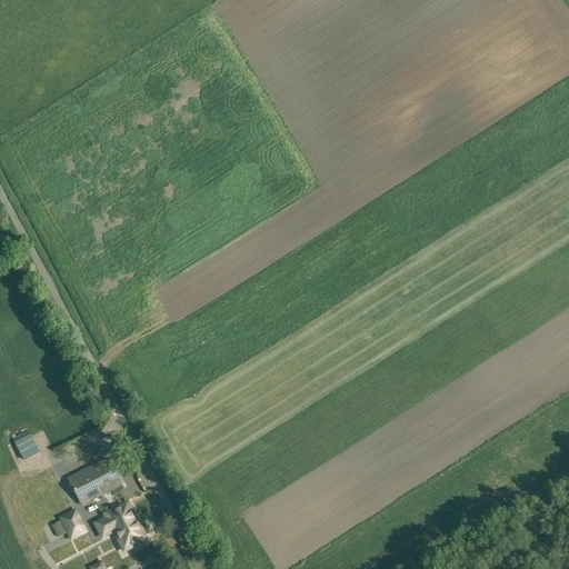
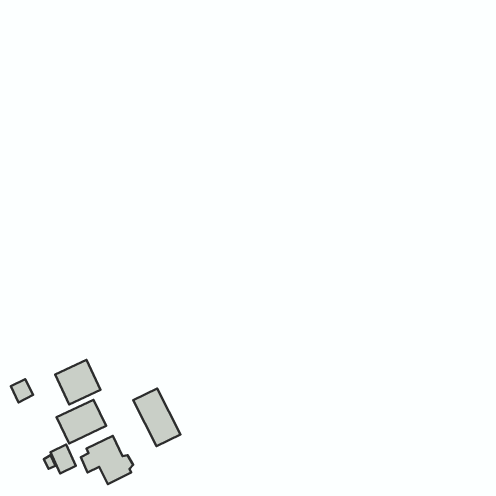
building: none -> [55,360,100,405]
building: none -> [133,388,180,446]

